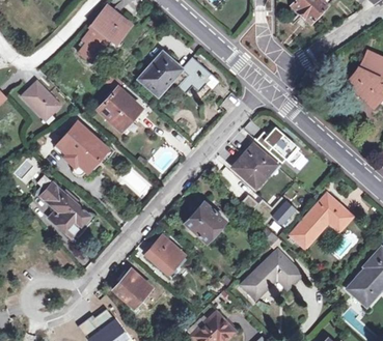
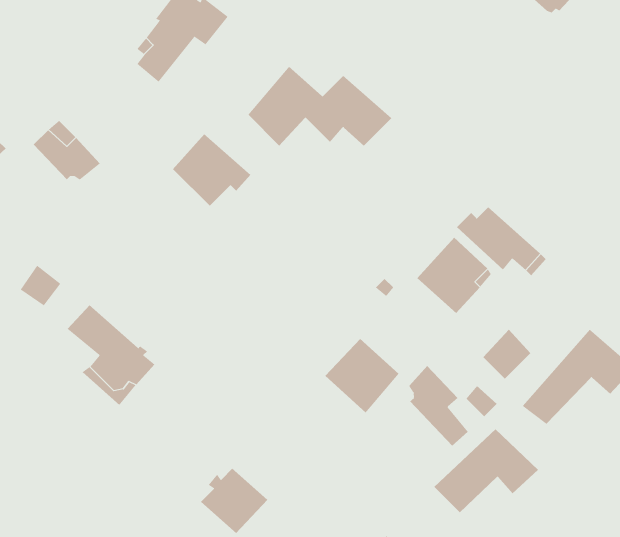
building: [55,122,104,171] -> none
building: none -> [409,365,469,446]
building: [145,236,187,276] -> none

